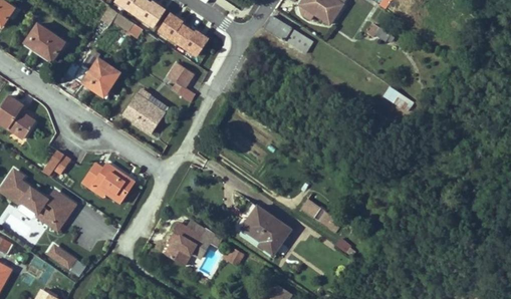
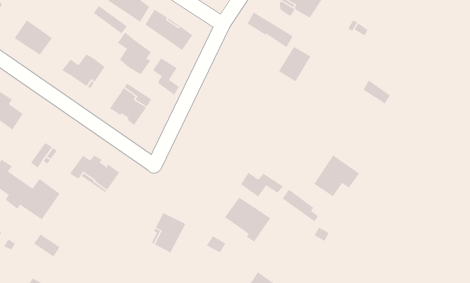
building: none -> [117,31,152,75]
building: none -> [278,46,311,82]
building: none -> [313,154,360,197]
building: none -> [240,172,284,197]

